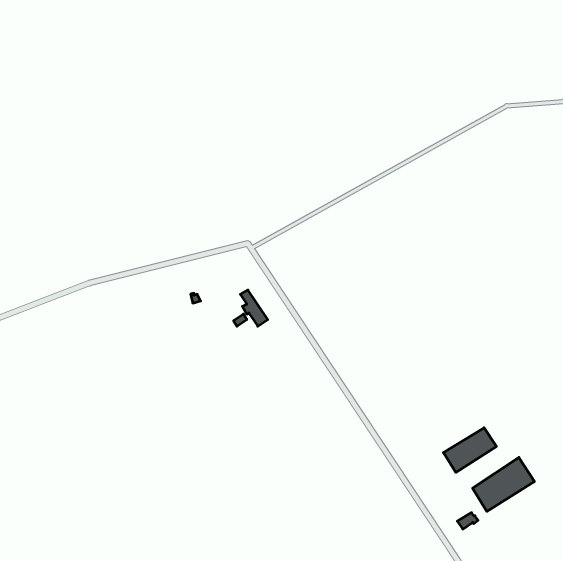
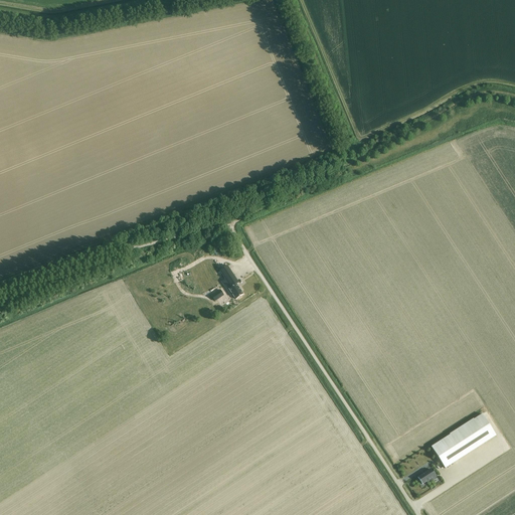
building: [443,428,496,472] -> none

